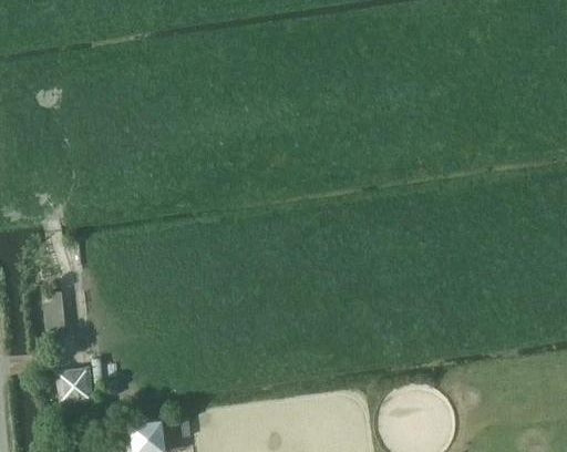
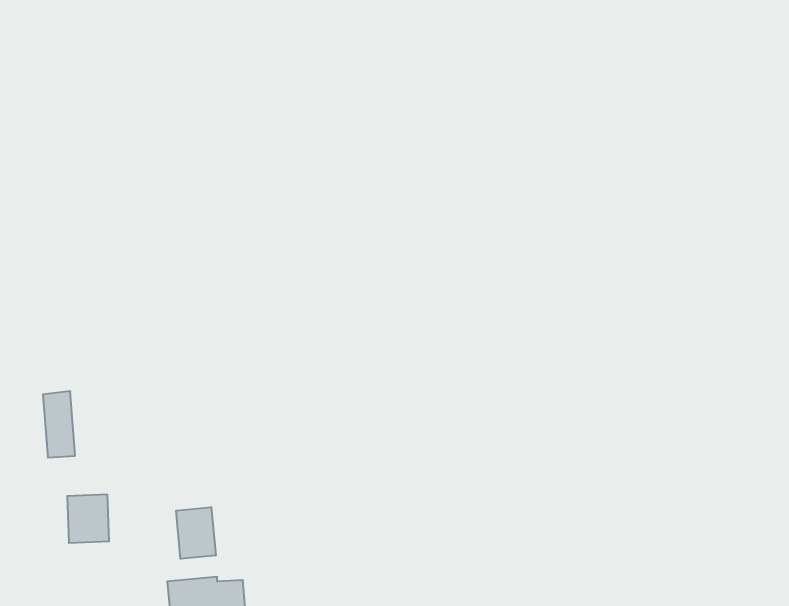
building: none -> [176,507,216,559]

